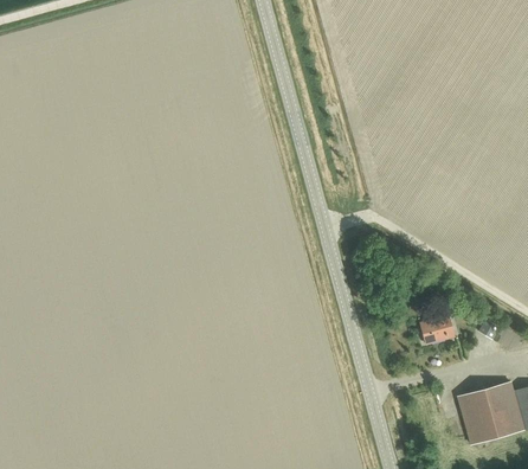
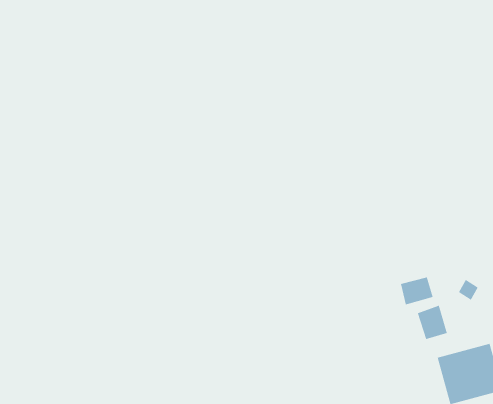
building: none -> [417,305,448,340]

